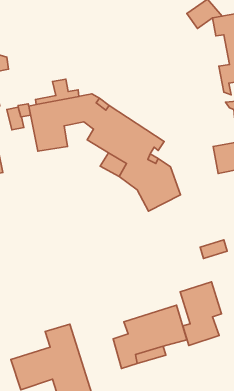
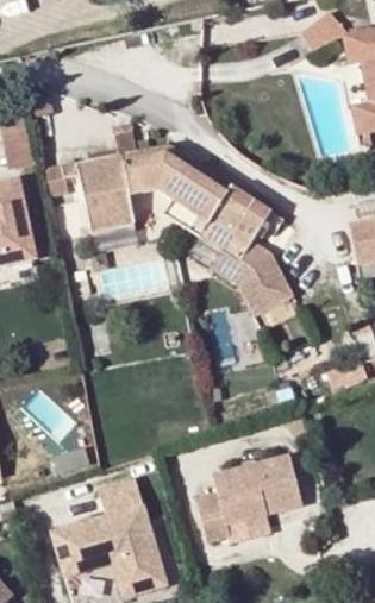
building: [180,282,222,345] -> none

